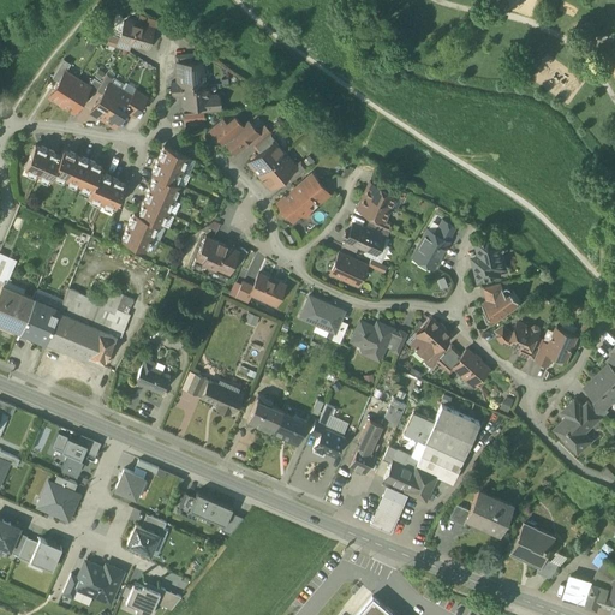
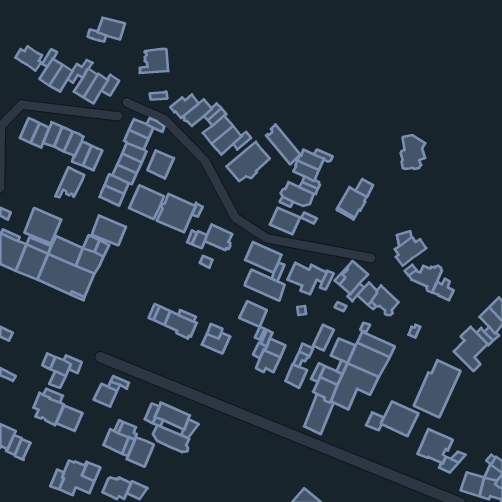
building: none -> [15,46,42,71]
building: [172,88,220,108] -> none
building: none -> [266,124,300,164]
building: none -> [147,150,174,179]
building: none -> [55,167,84,197]
building: none -> [129,185,164,219]
building: [476,239,506,280] -> [401,135,425,169]
building: none -> [25,208,61,244]
building: none -> [92,215,126,245]
building: [548,329,578,360] -> none
building: none -> [245,270,284,301]
building: [136,359,169,393] -> none
building: [273,412,306,443] -> [239,301,267,327]
building: none -> [414,360,460,417]
building: none -> [153,425,189,452]
building: none -> [127,437,154,467]
building: [30,538,62,569] -> [56,405,83,431]

